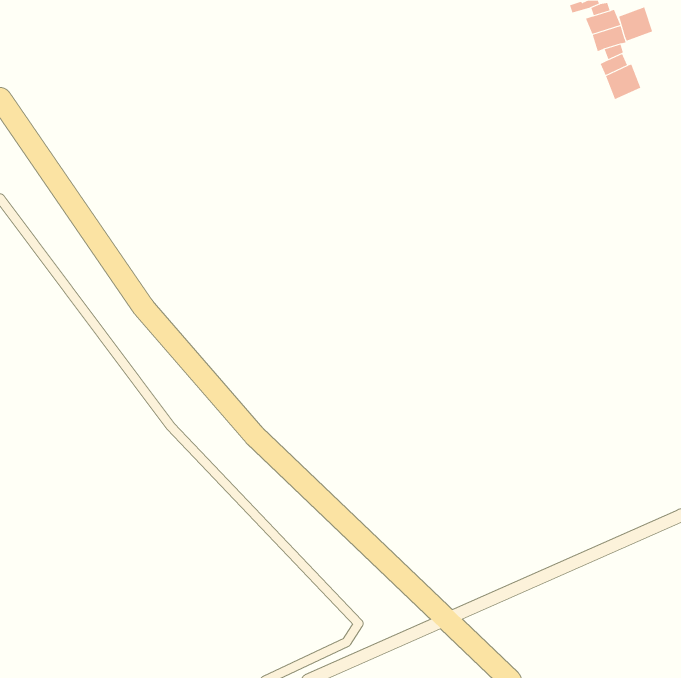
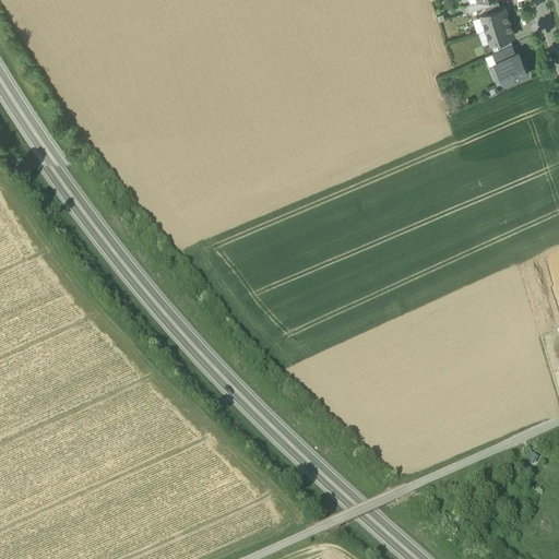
building: [618,6,653,41] -> none

